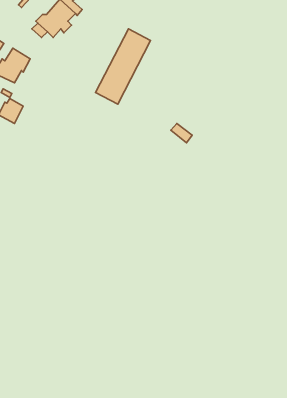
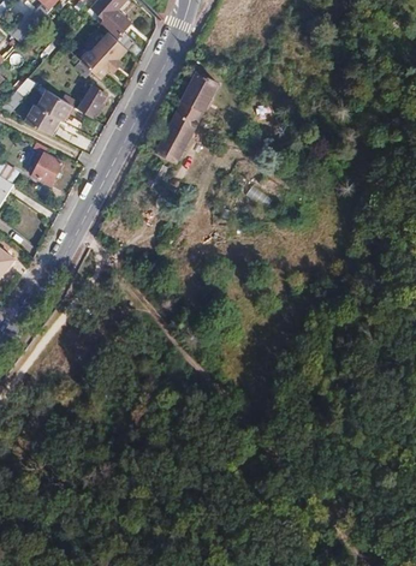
building: none -> [76,84,106,118]

